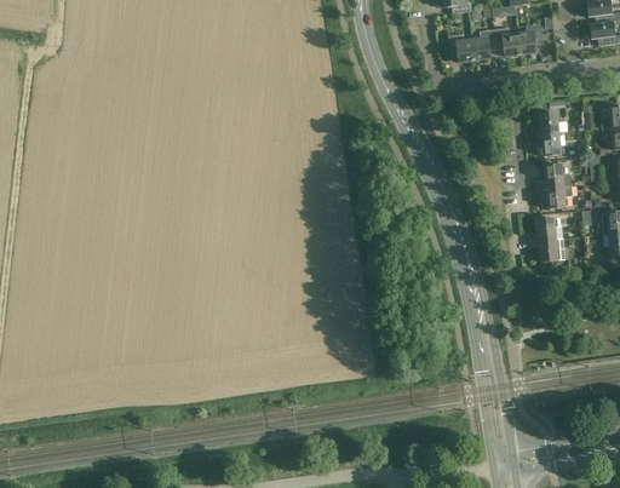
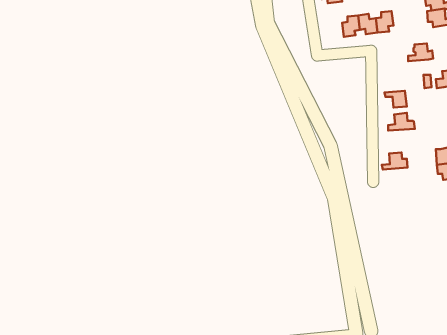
building: [449,33,476,61] -> none
building: [532,110,566,134] -> [408,44,433,61]
building: [536,184,574,207] -> none
building: [529,237,566,260] -> none

